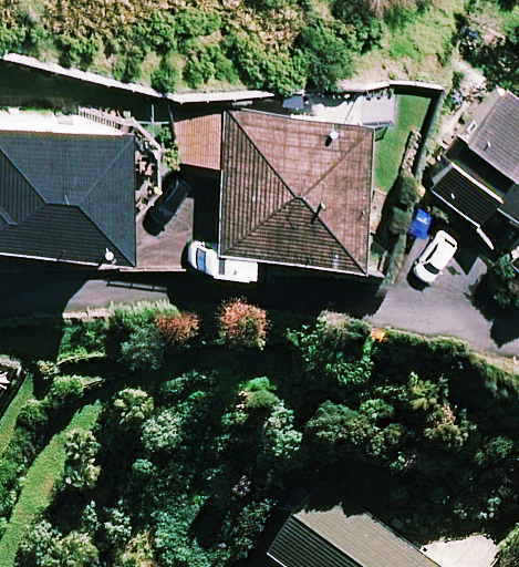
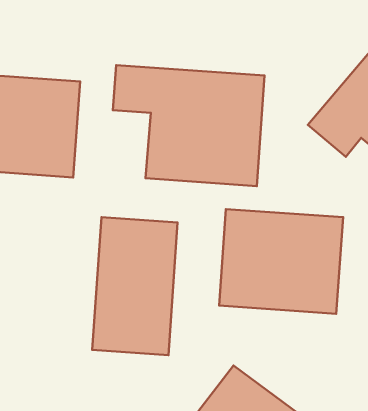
building: none -> [219,209,343,314]
building: none -> [92,217,178,355]

